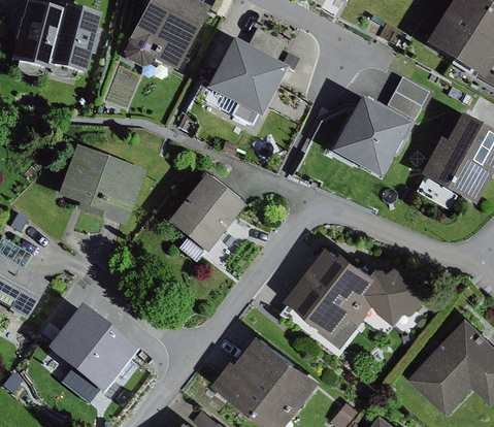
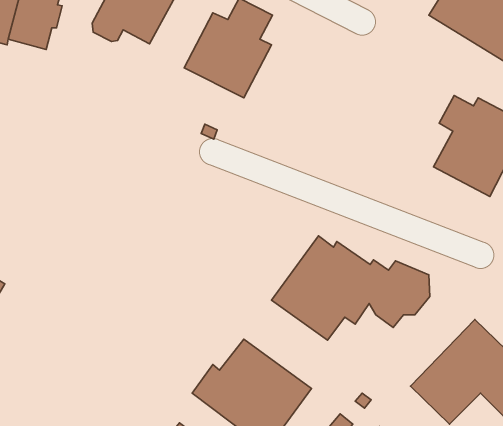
building: [387,80,426,120] -> none
building: [331,99,407,177] -> none
building: [56,147,144,229] -> none
building: [166,177,242,255] -> none
building: [44,308,134,394] -> none

